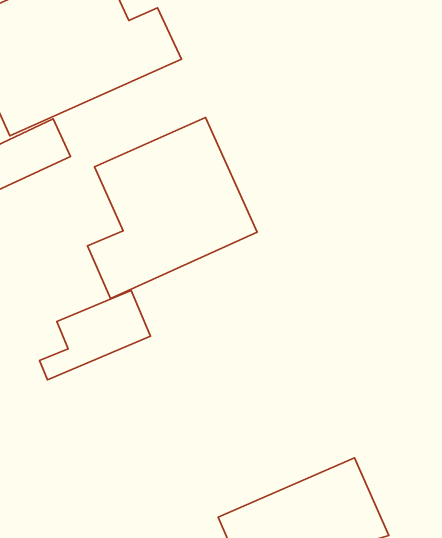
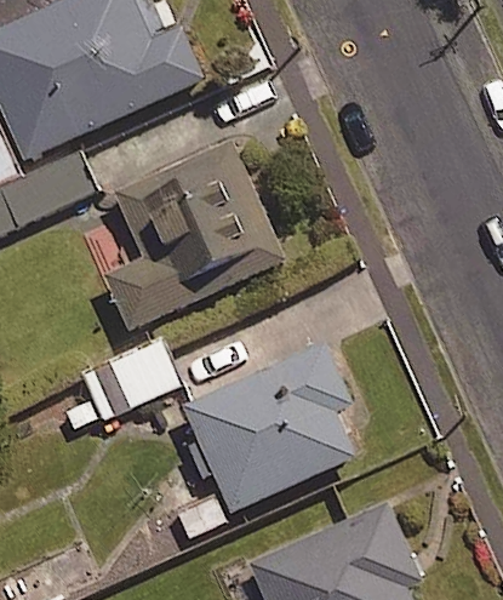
building: none -> [182,345,355,514]

